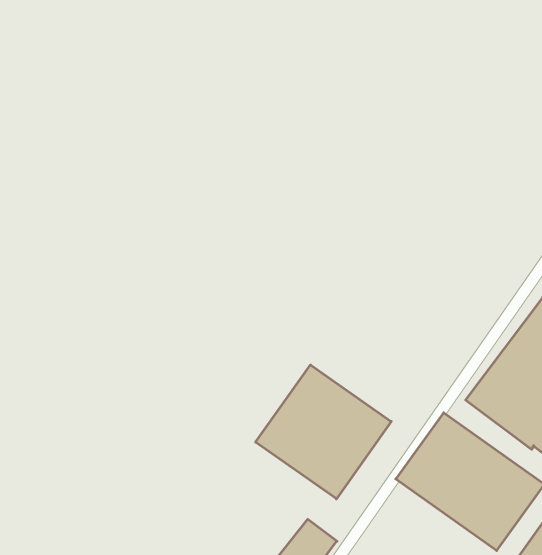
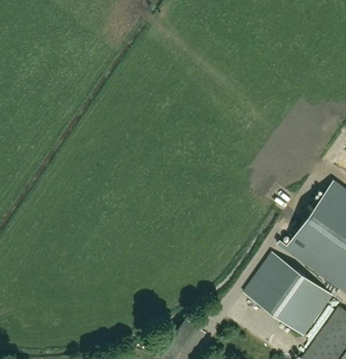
building: [256,365,391,499] -> none

